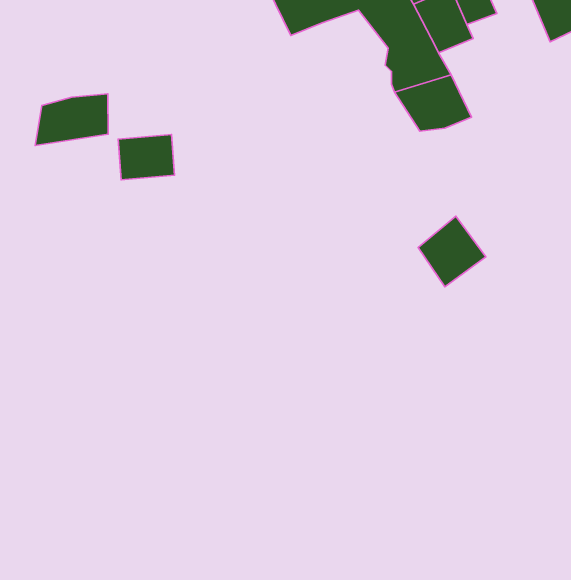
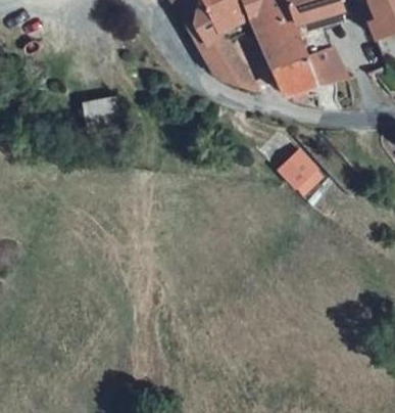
building: none -> [201,24,261,89]
building: none -> [297,34,339,85]
building: [35,94,108,145] -> none

